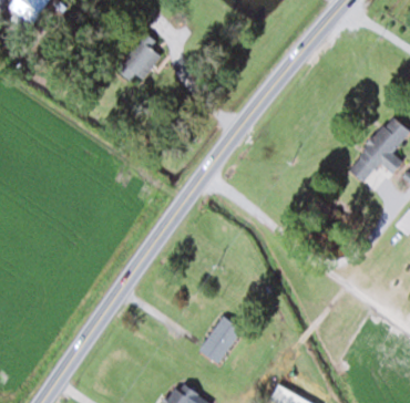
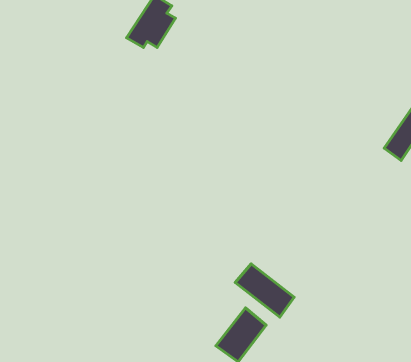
building: none -> [235,264,294,317]

